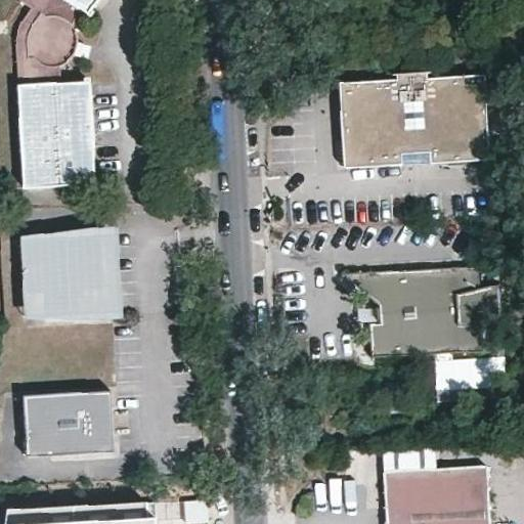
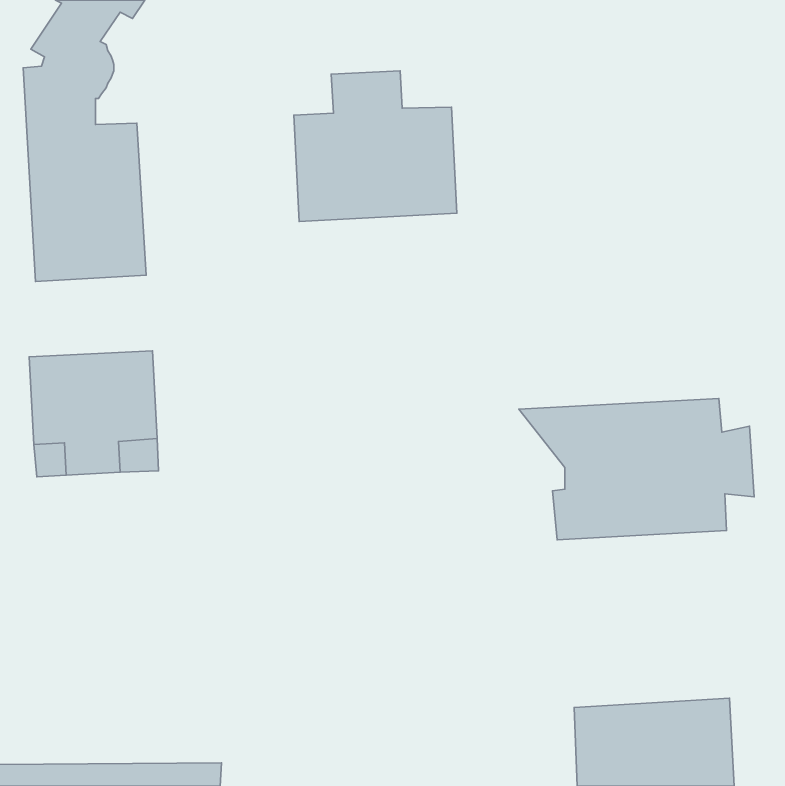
building: none -> [294,71,457,221]
building: [340,74,489,168] -> none
building: [25,388,115,454] -> none

